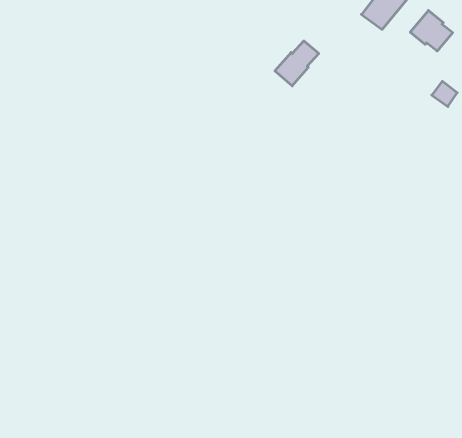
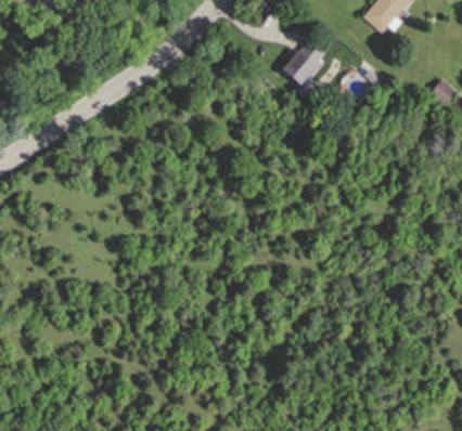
building: [410,10,453,51] -> none

